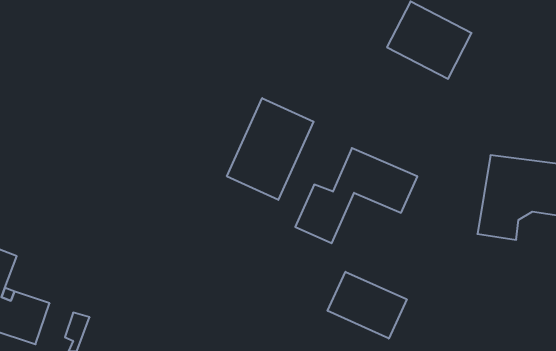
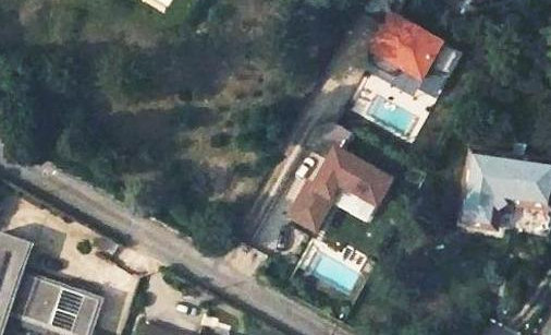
building: [227,98,314,200] -> none
building: [328,272,407,339] -> none

